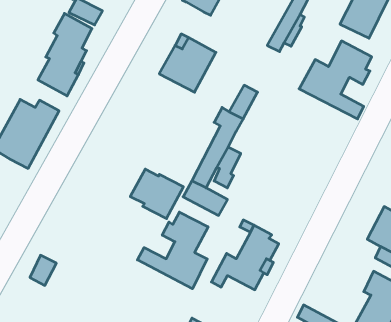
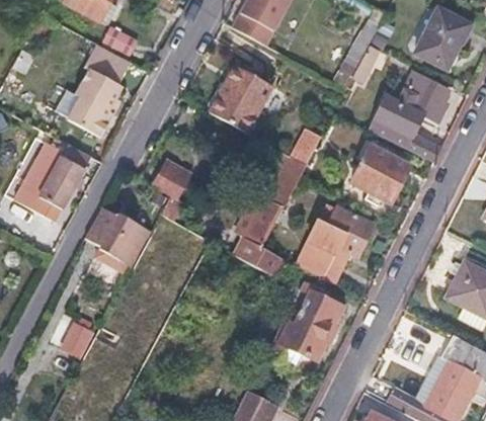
building: none -> [349,145,406,201]
building: none -> [151,154,192,197]
building: none -> [296,204,374,279]
building: [130,169,183,219] -> [87,207,148,264]
building: [137,212,208,289] -> none

